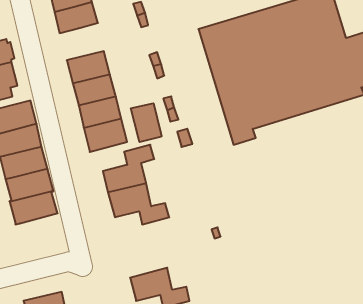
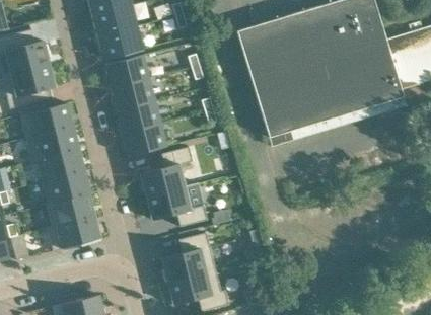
building: none -> [97,24,141,56]
building: [131,103,162,142] -> none
building: none -> [48,216,100,251]
building: none -> [162,233,215,282]

